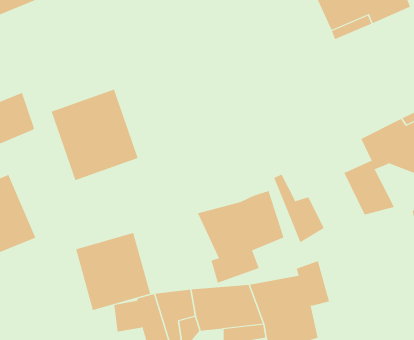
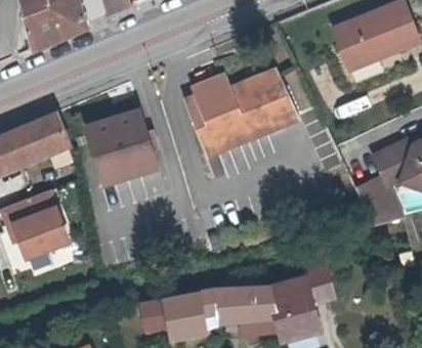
building: none -> [180,73,295,155]
building: [274,174,325,243] -> none
building: [197,190,284,283] -> none
building: [76,232,151,311] -> none

